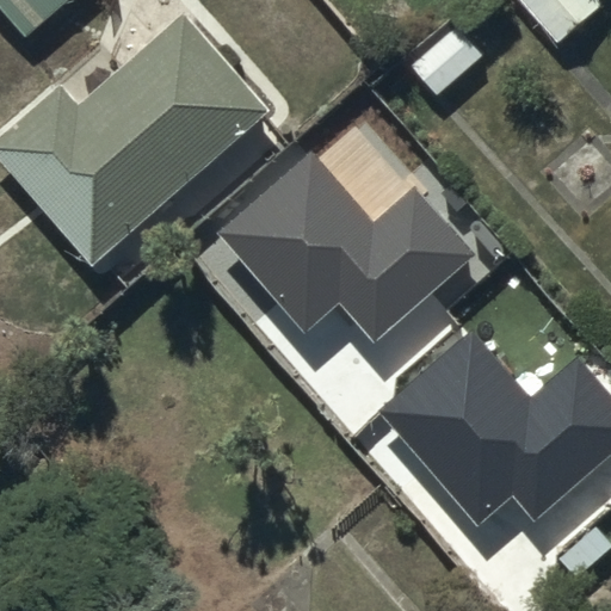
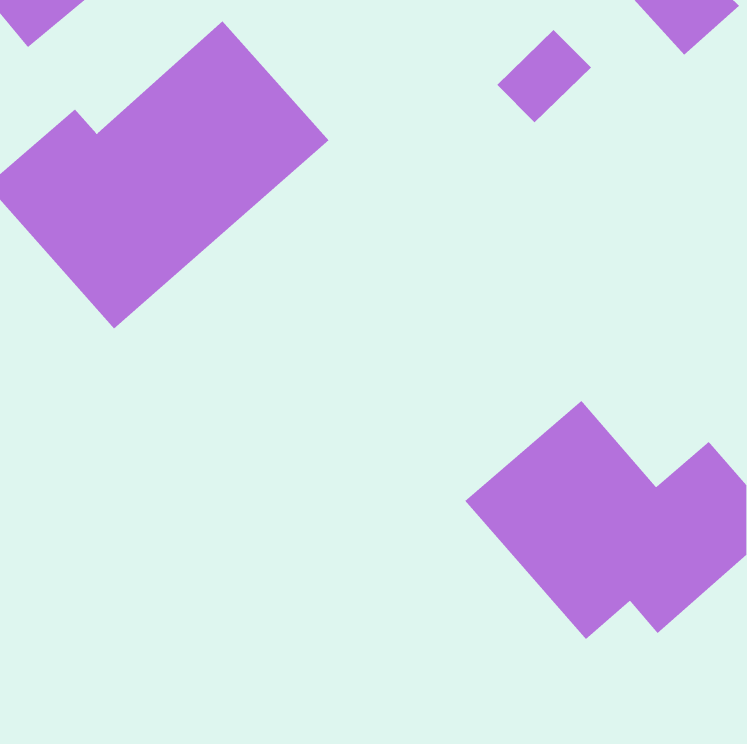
building: [216,148,474,338] -> none

